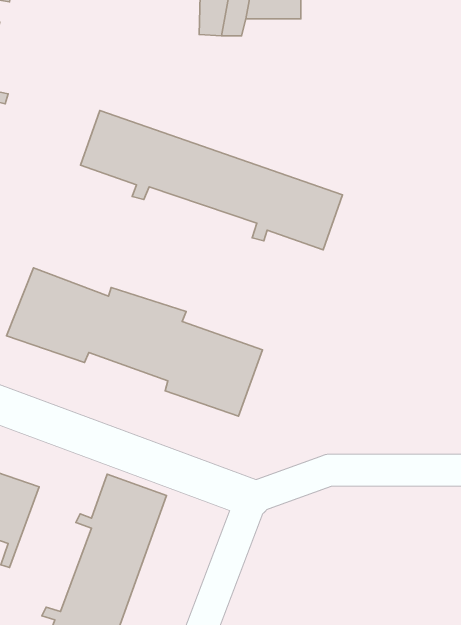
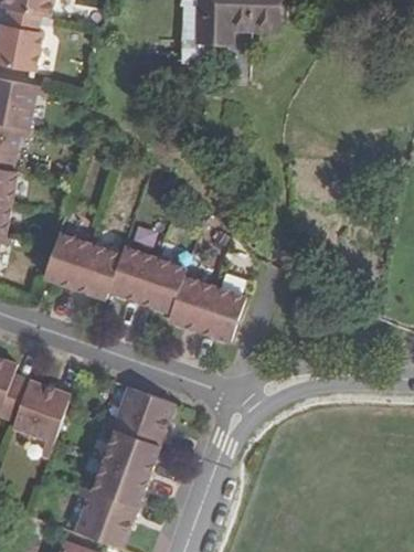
building: [81,110,342,250] -> none

